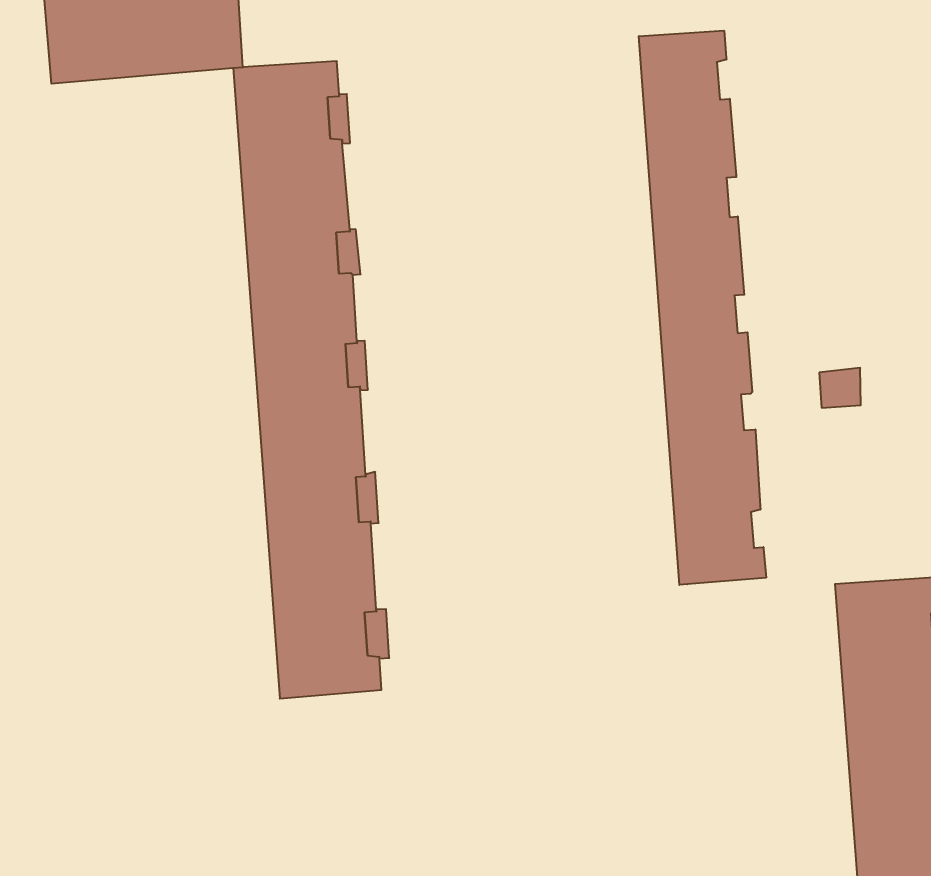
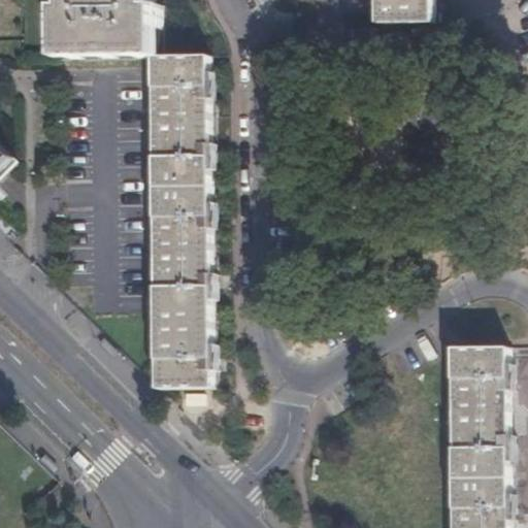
building: [639,31,766,585] -> none

